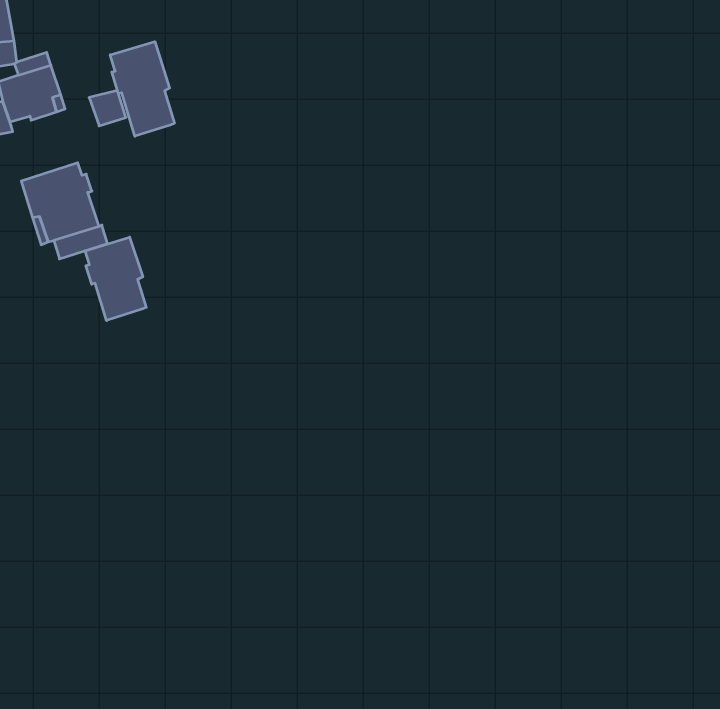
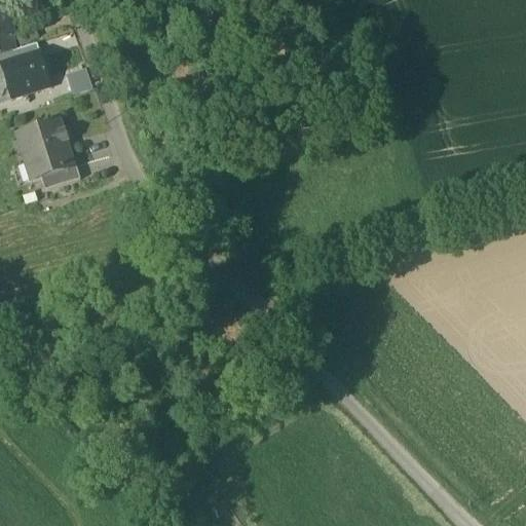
building: [110,42,174,136] -> none
building: [85,237,146,321] -> none

